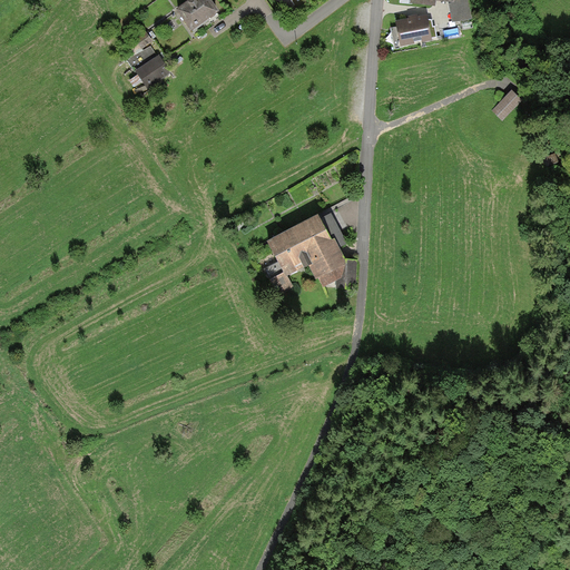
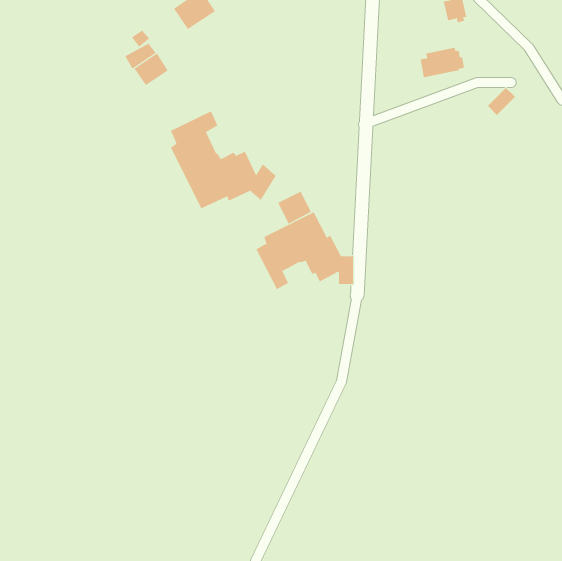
building: [391,14,436,46] -> [420,47,465,78]
building: none -> [170,111,277,209]
building: none -> [277,191,312,224]

